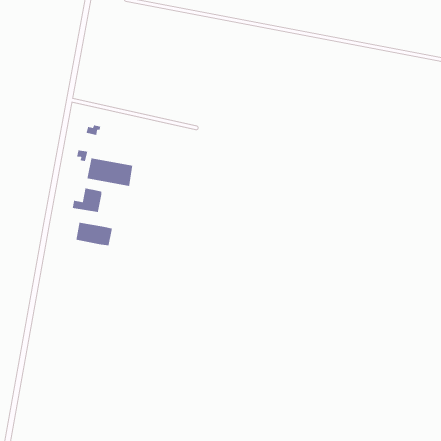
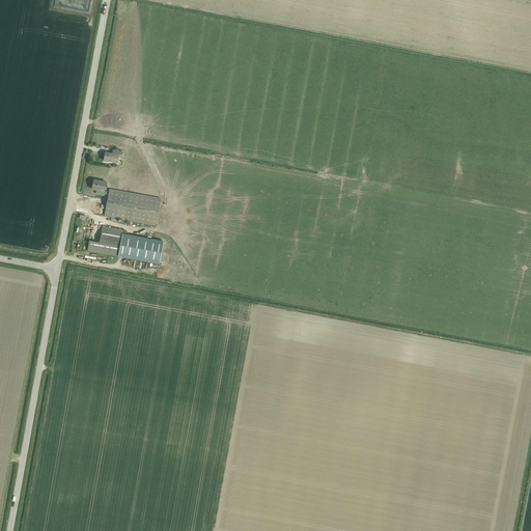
building: [75,222,113,246] -> [118,233,163,262]

